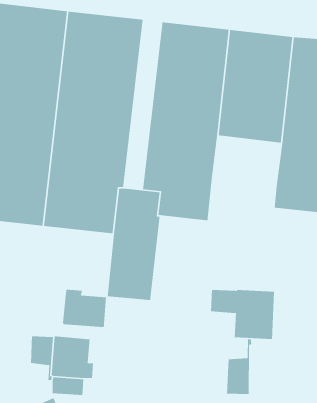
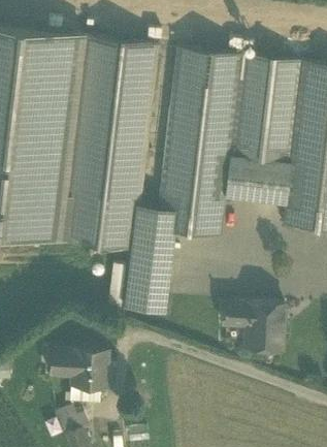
building: none -> [224,158,290,206]
building: [62,289,107,328] -> none
building: [226,338,252,395] -> none

